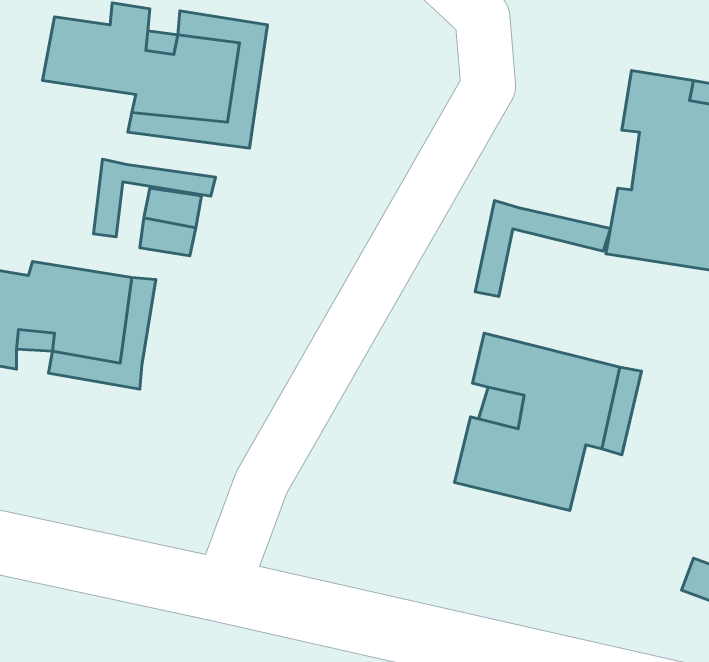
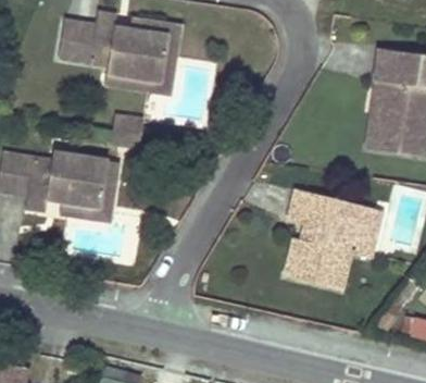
building: [93,159,216,237] -> none
building: [475,200,610,297] -> none

